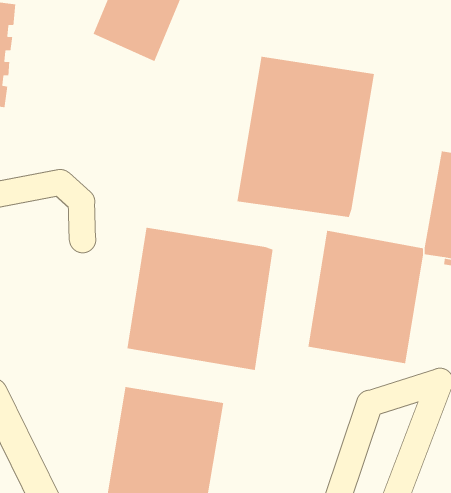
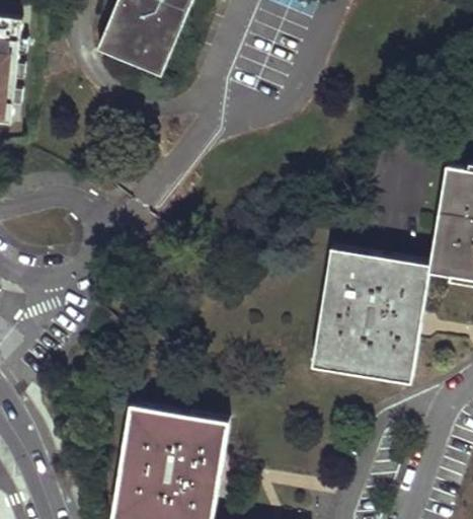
building: [237,56,375,218] -> none
building: [126,227,273,371] -> none

